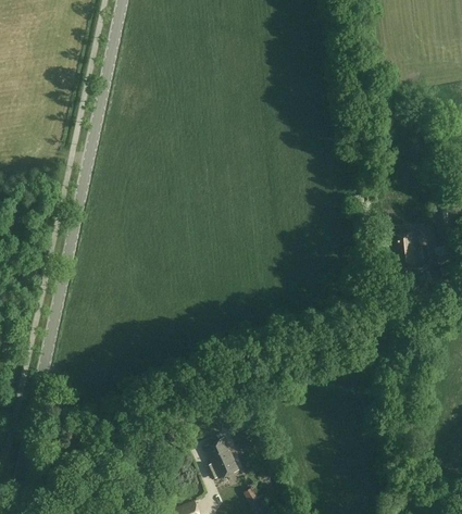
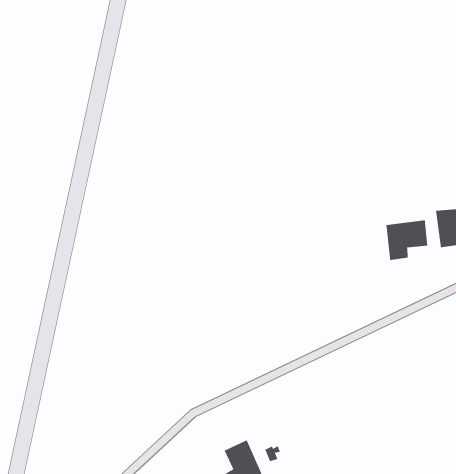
building: none -> [386,219,428,261]

